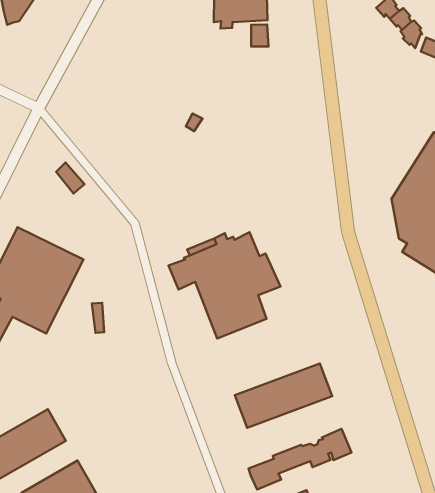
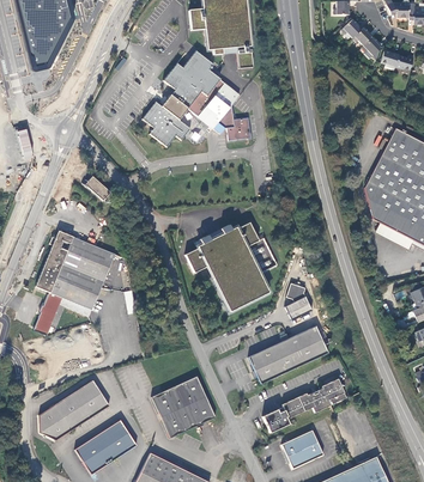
building: none -> [143,49,252,146]
building: none -> [284,282,310,317]
building: none -> [151,374,214,435]

